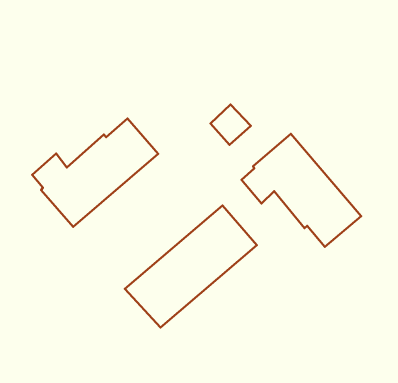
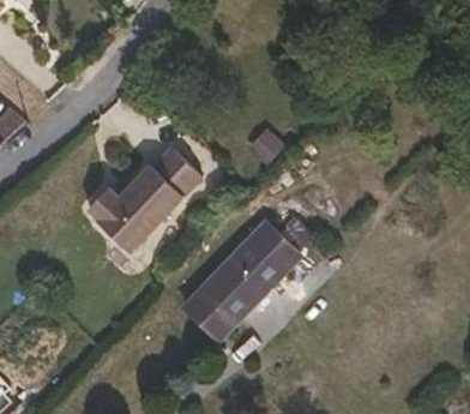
building: [242,134,361,247] -> none

